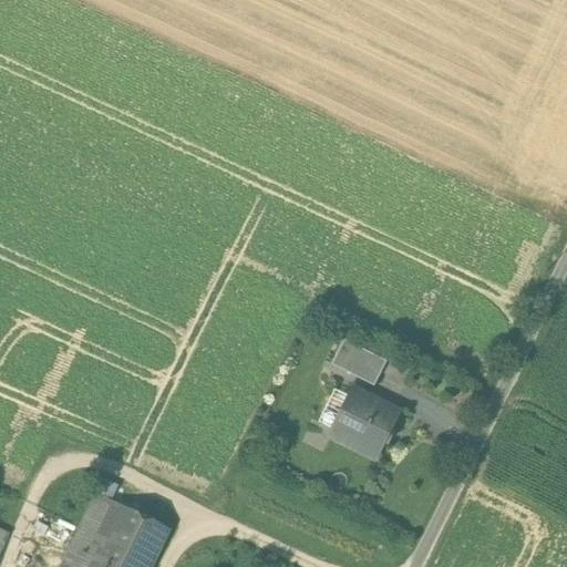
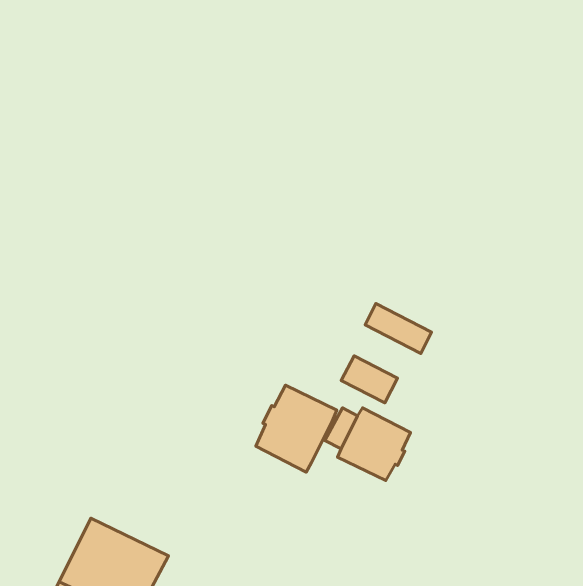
building: none -> [365,304,432,354]
building: none -> [256,385,337,472]

